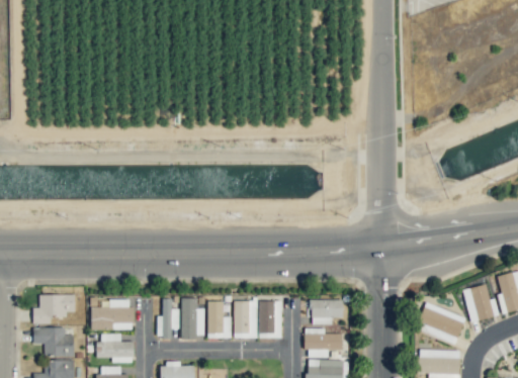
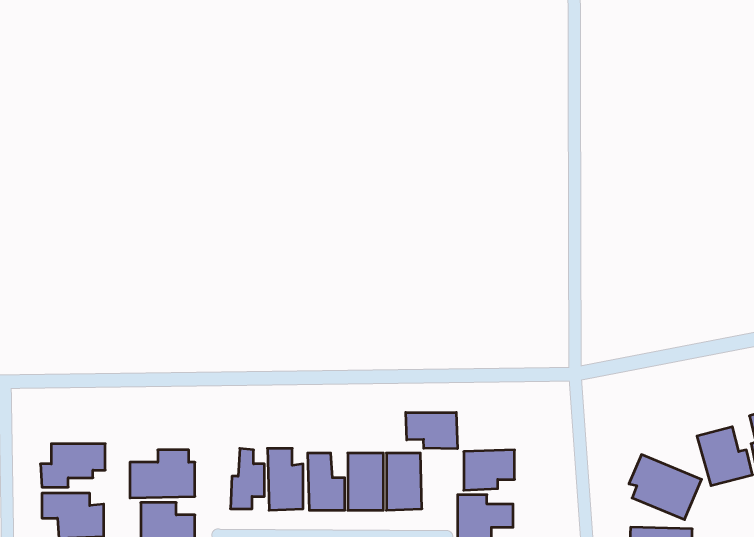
building: none -> [406,412,457,449]

